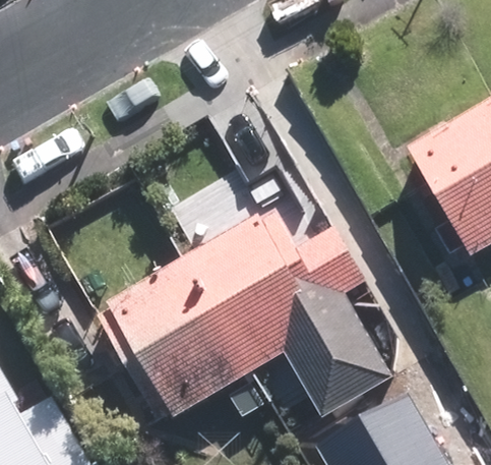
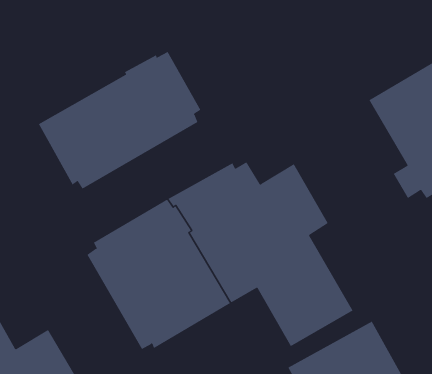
building: none -> [38,51,201,190]

